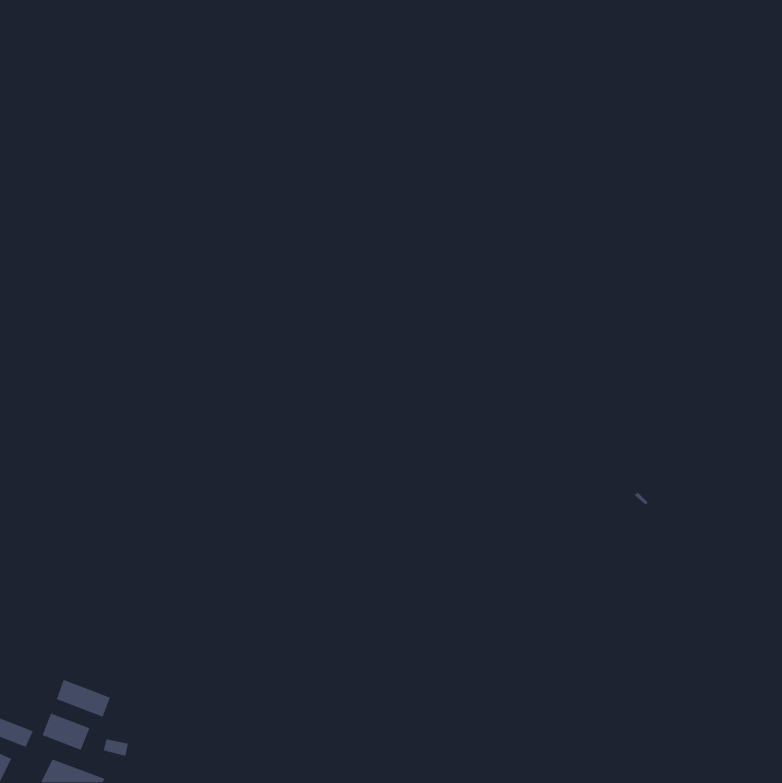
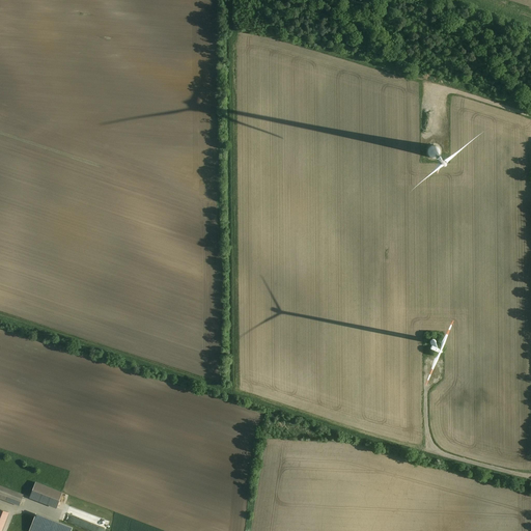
building: [56,679,111,718] -> none

